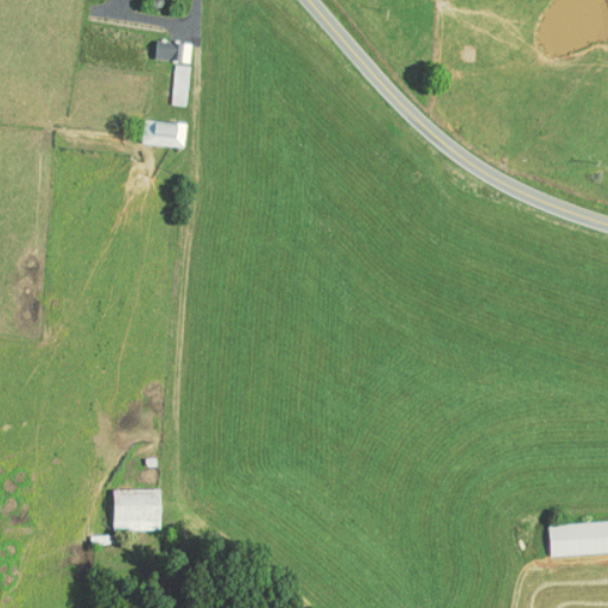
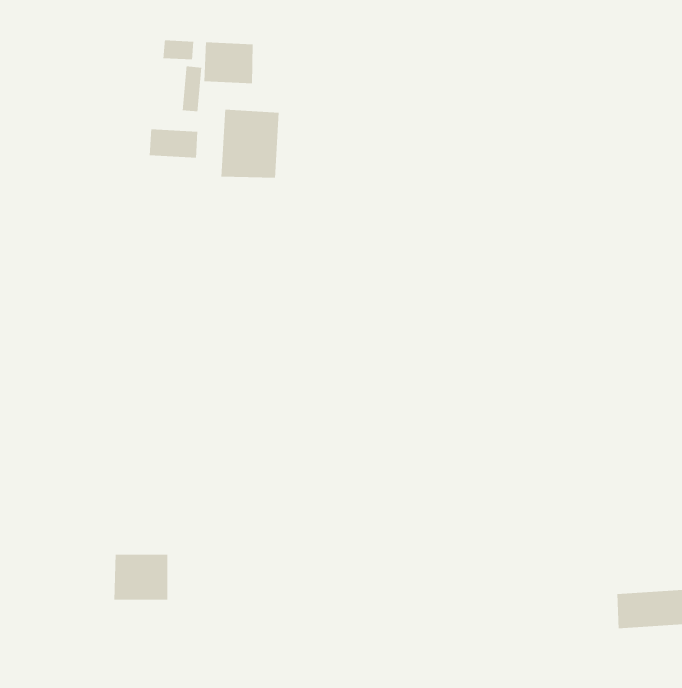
building: none -> [203,42,253,84]
building: none -> [221,109,279,179]

